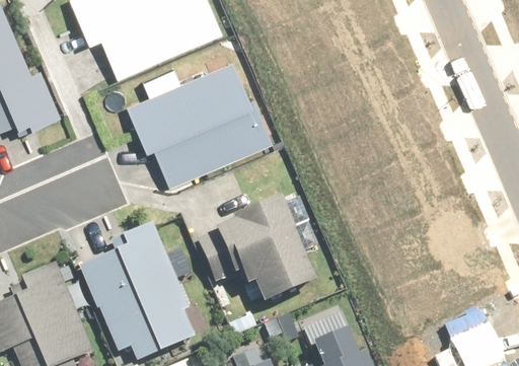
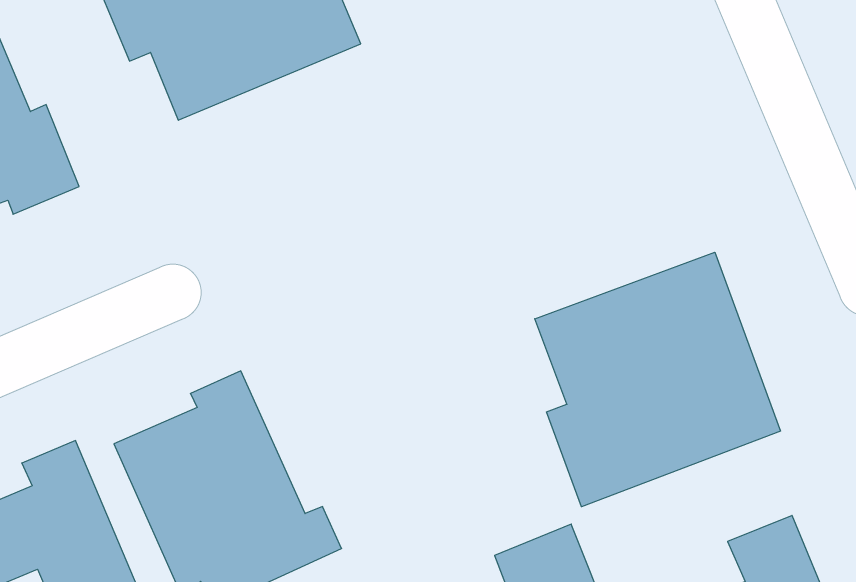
building: [128,64,267,188] -> none
building: none -> [535,252,781,507]
building: [214,198,316,306] -> none

